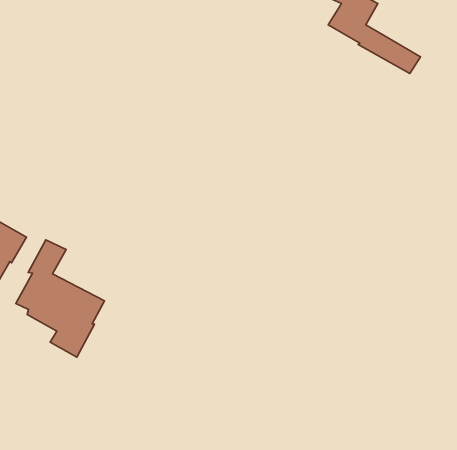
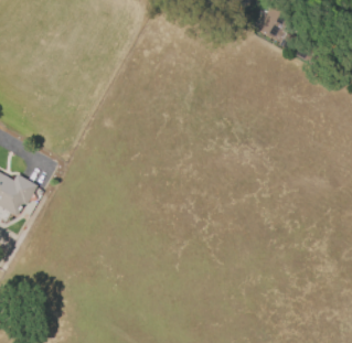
building: [16,240,105,357] -> none

